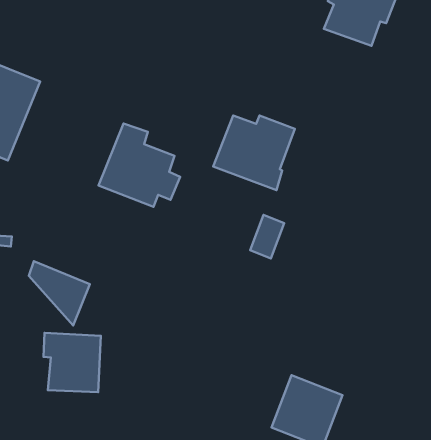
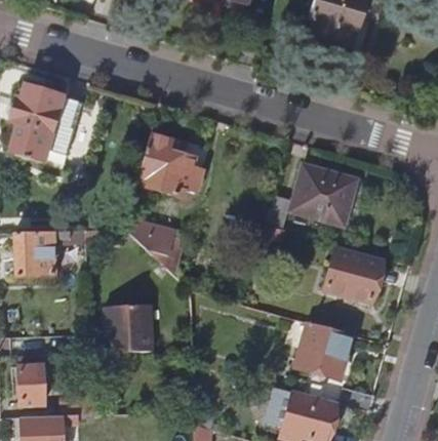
building: [213,115,295,190] -> [291,164,355,224]
building: [29,261,90,325] -> [125,216,175,266]
building: none -> [324,248,383,302]

